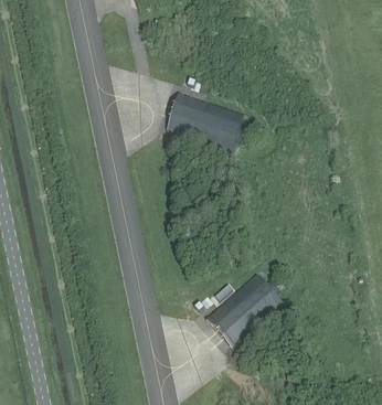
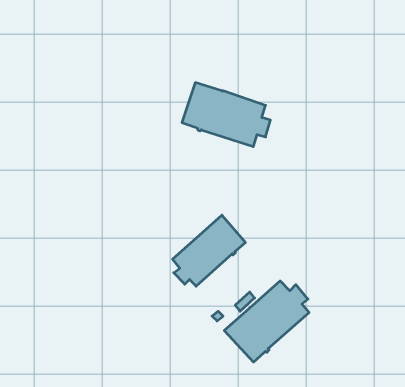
building: none -> [173,215,245,286]

